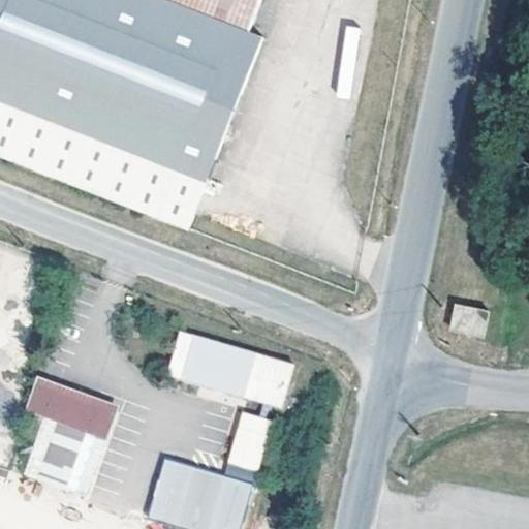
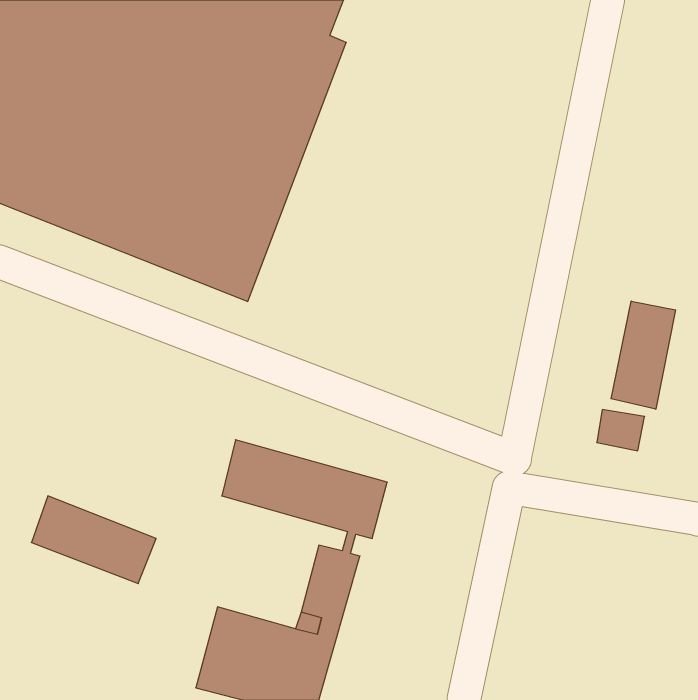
building: none -> [611,301,676,409]

